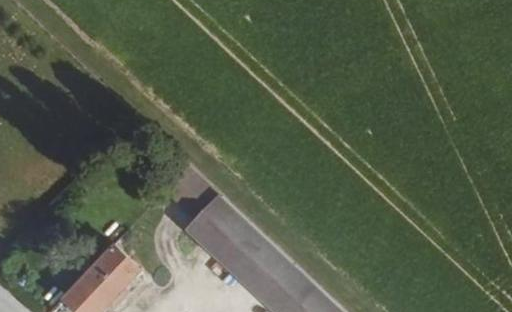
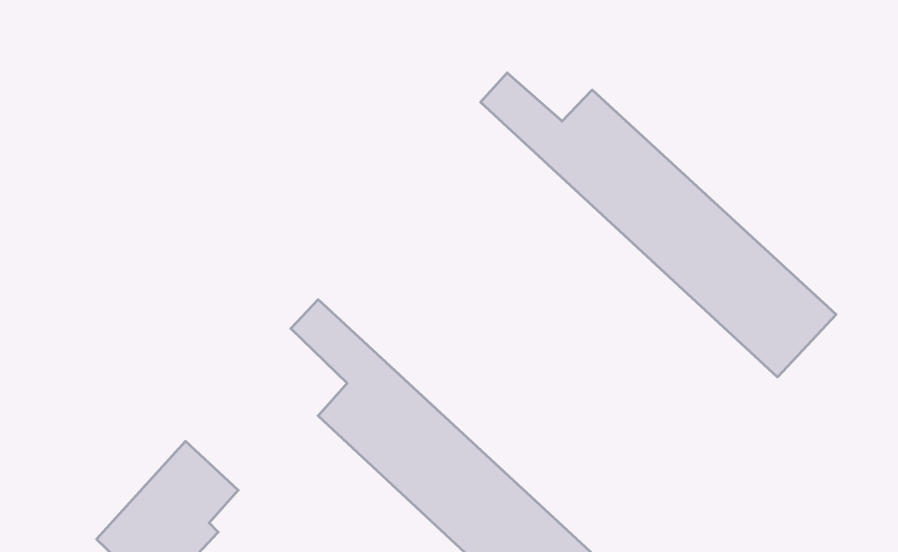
building: none -> [481,73,836,377]

